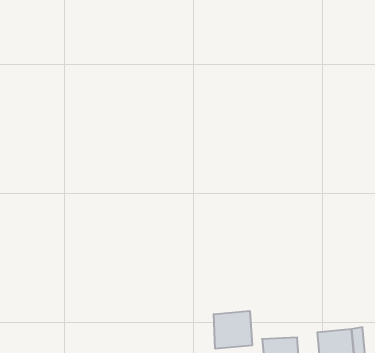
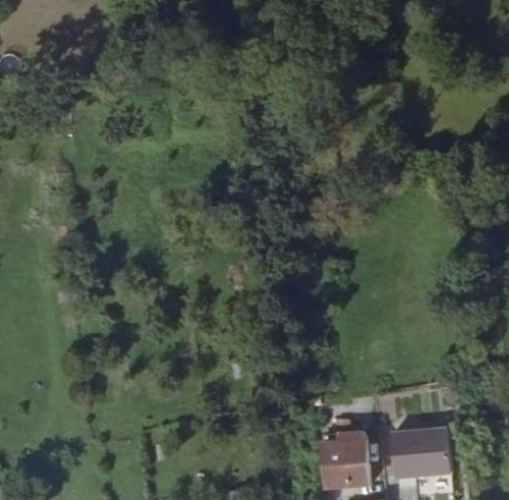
building: [214,311,252,349] -> none

